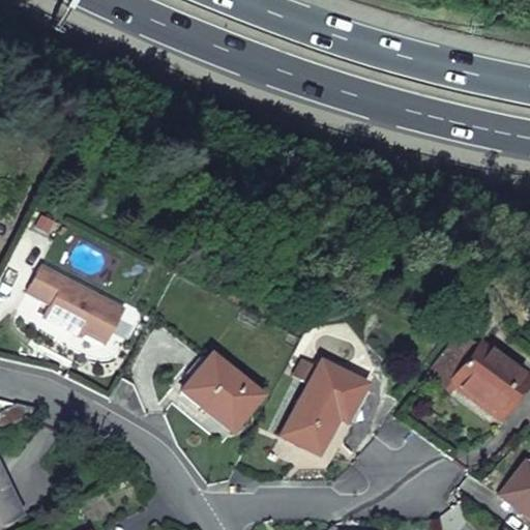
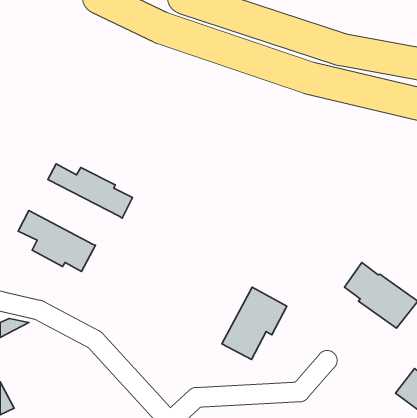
building: none -> [48,164,132,218]
building: [184,355,260,429] -> none

